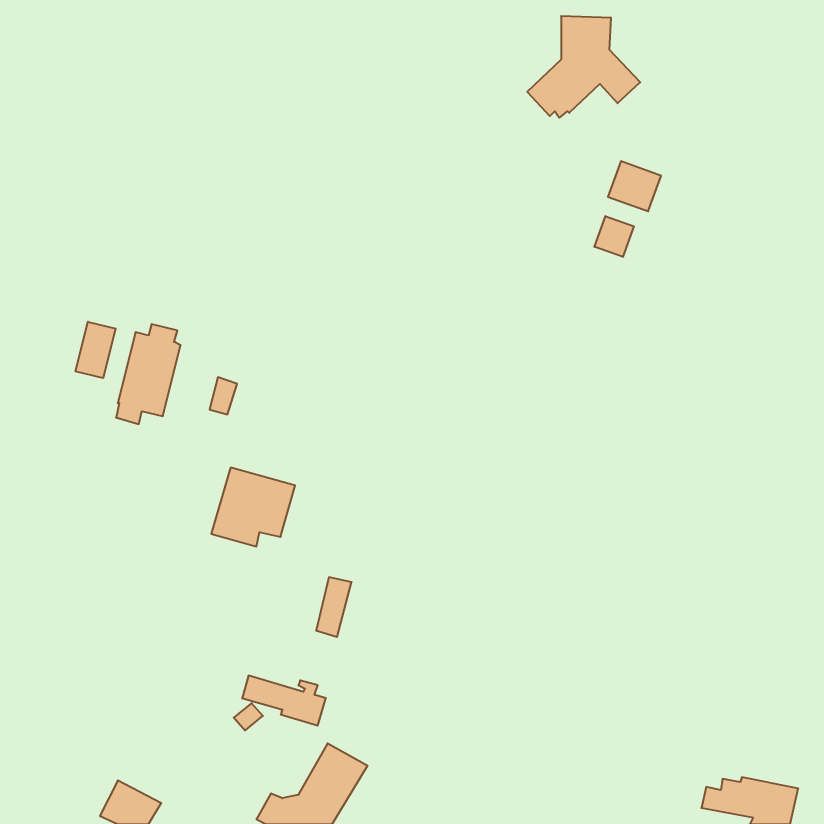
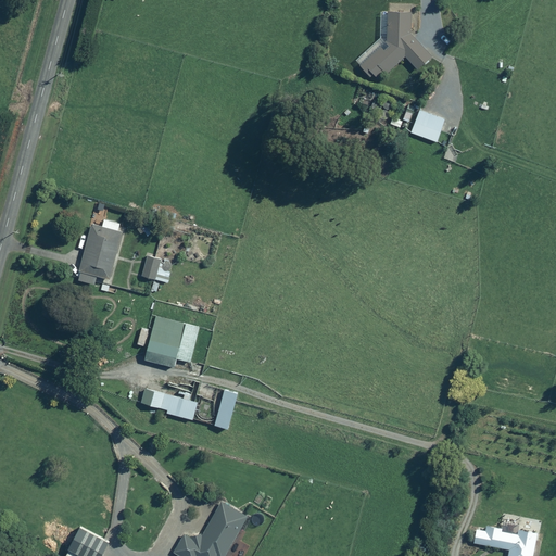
building: [594,216,634,257] -> none
building: [76,322,115,378] -> none
building: [242,676,326,726] -> [140,387,197,420]

